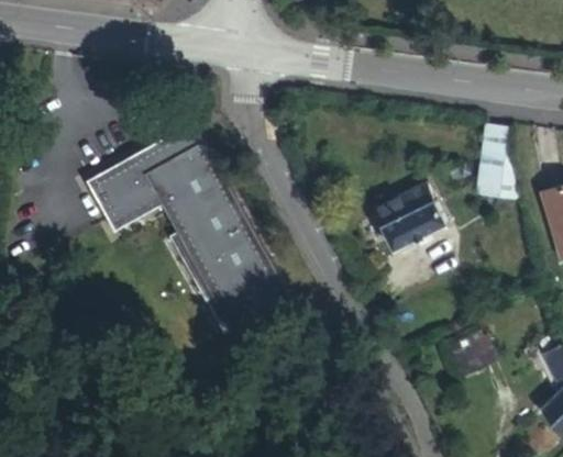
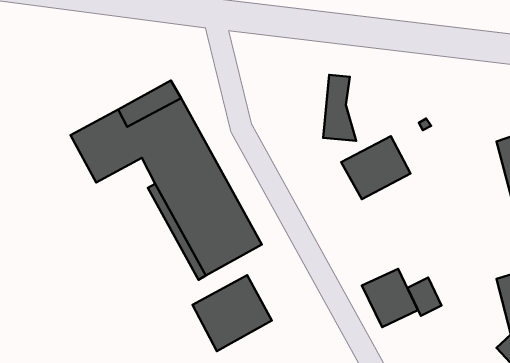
building: [479,122,515,192] -> [323,75,356,141]
building: none -> [362,269,418,327]
building: none -> [193,275,272,351]

